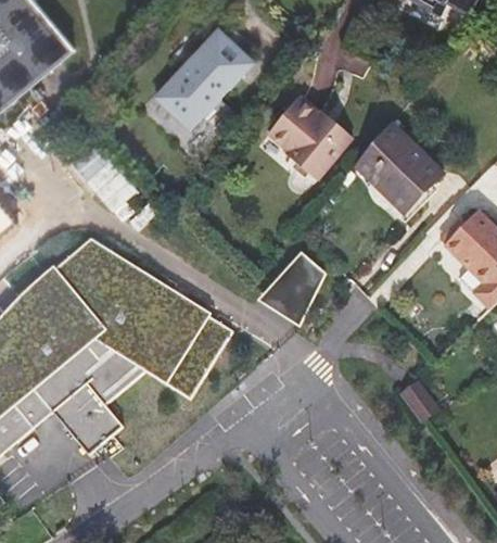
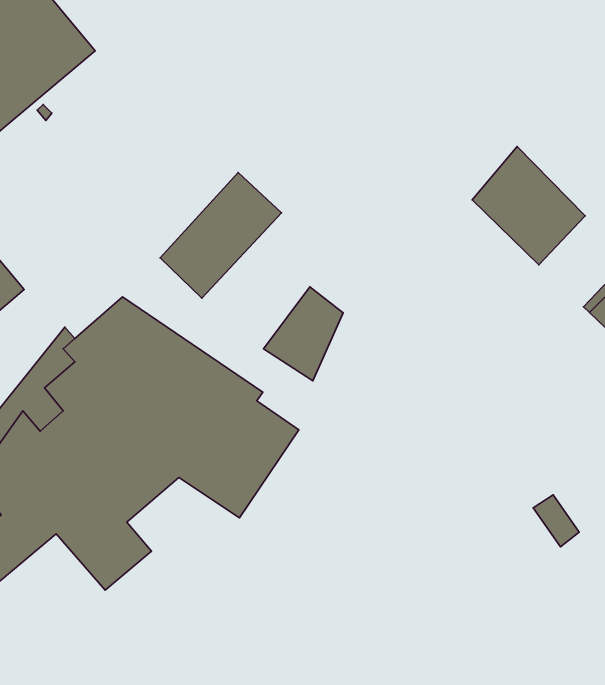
building: [157,31,248,126] -> [160,172,281,298]
building: [268,98,349,178] -> none
building: [260,251,320,321] -> [264,287,343,381]

